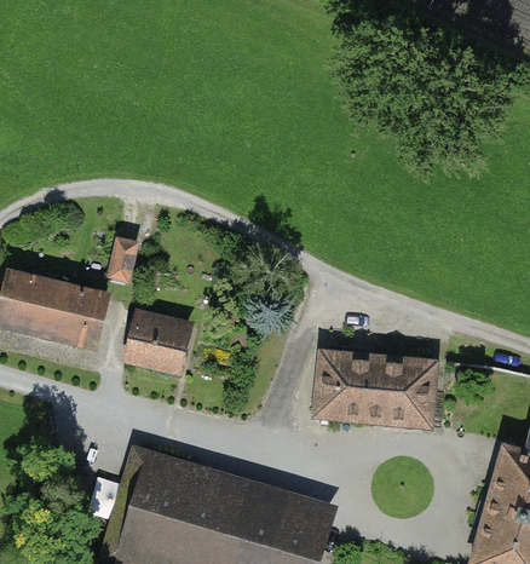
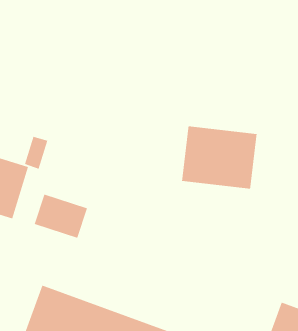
building: none -> [182,125,257,189]
building: [323,347,434,426] -> none

